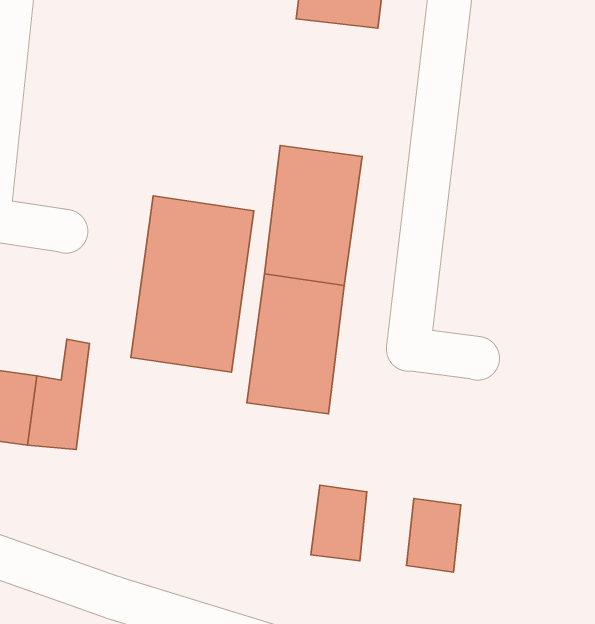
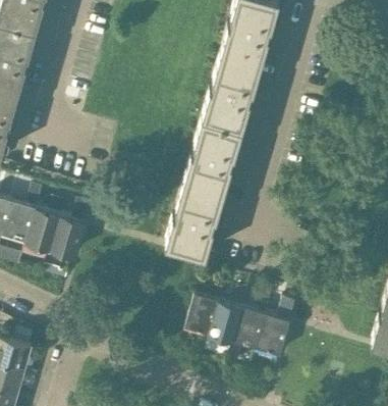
building: none -> [204,54,263,130]
building: [131,196,254,372] -> none
building: none -> [258,300,296,356]
building: none -> [208,301,243,352]

